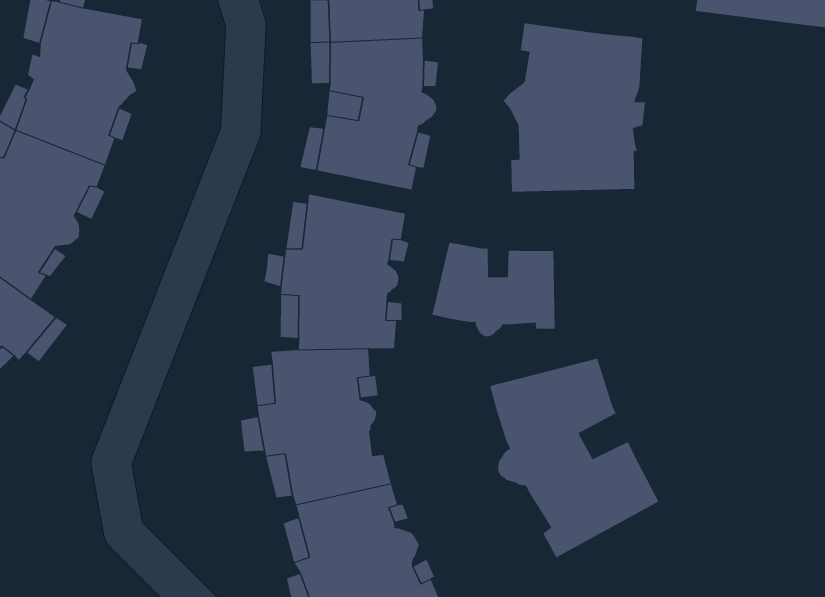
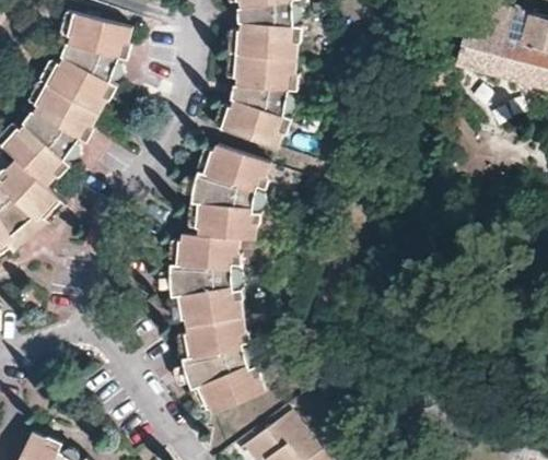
building: [503,22,645,193] -> none
building: [432,242,555,337] -> none
building: [490,358,659,558] -> none

